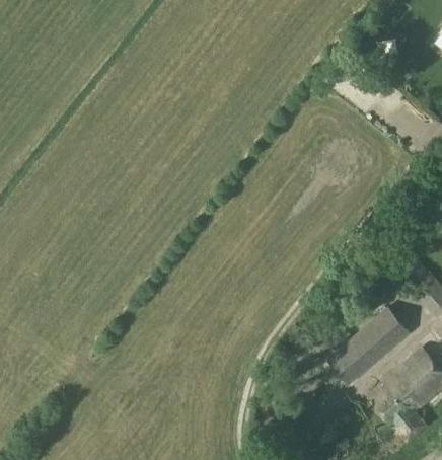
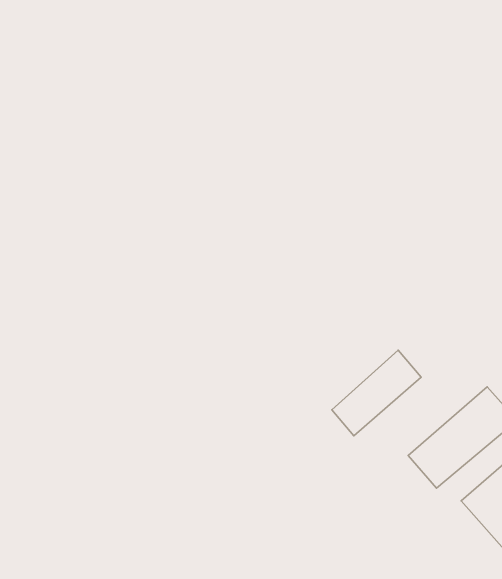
building: none -> [332,350,421,436]

